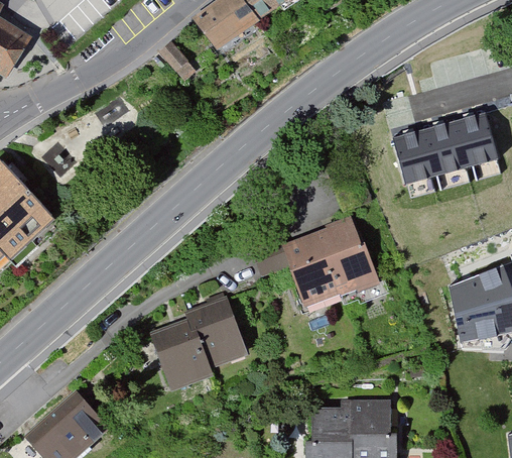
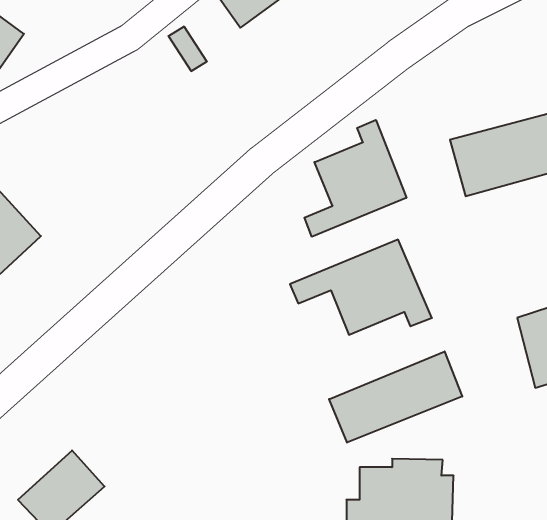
building: none -> [304,120,406,237]
building: [154,305,243,384] -> none
building: none -> [329,351,462,443]

